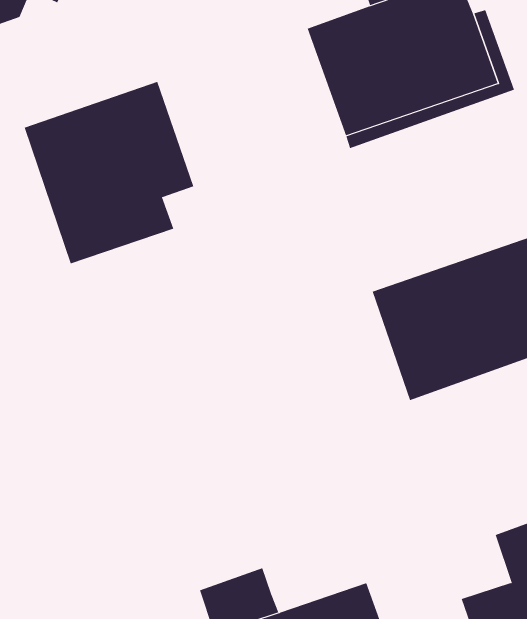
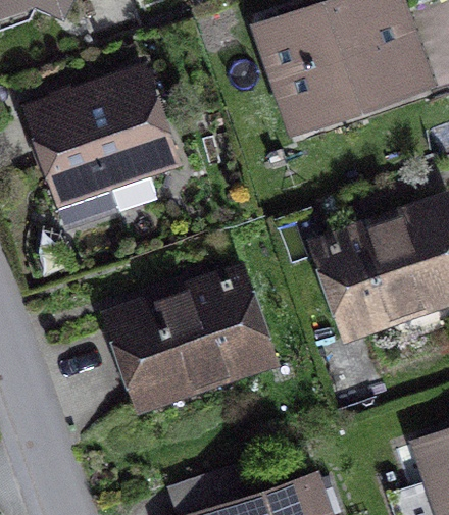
building: none -> [111,271,271,404]

